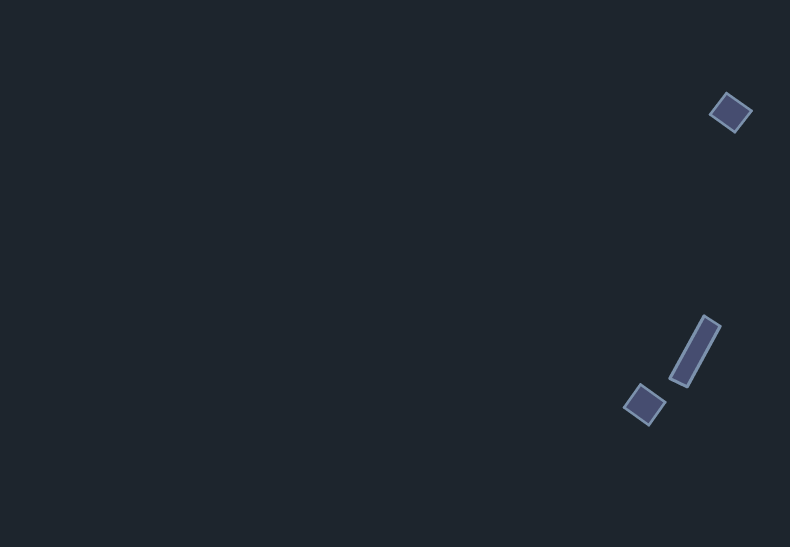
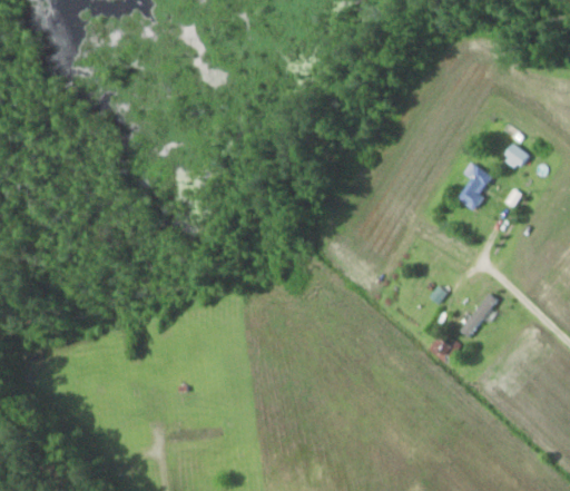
building: none -> [459,163,494,208]

